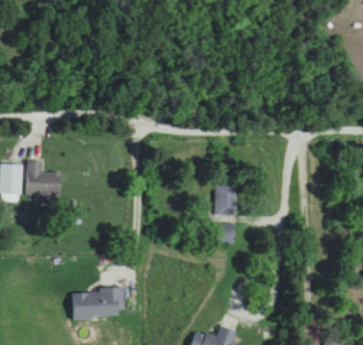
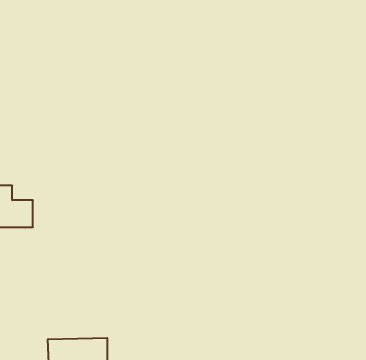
building: [215,184,235,214] -> none

